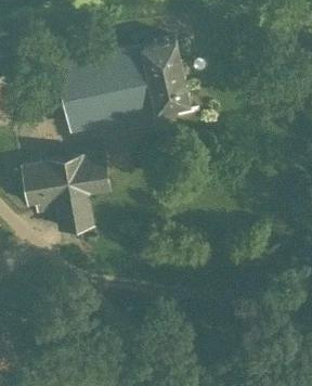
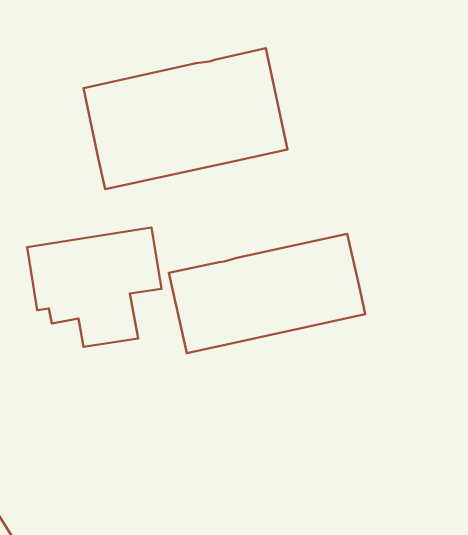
building: none -> [169,234,365,353]

